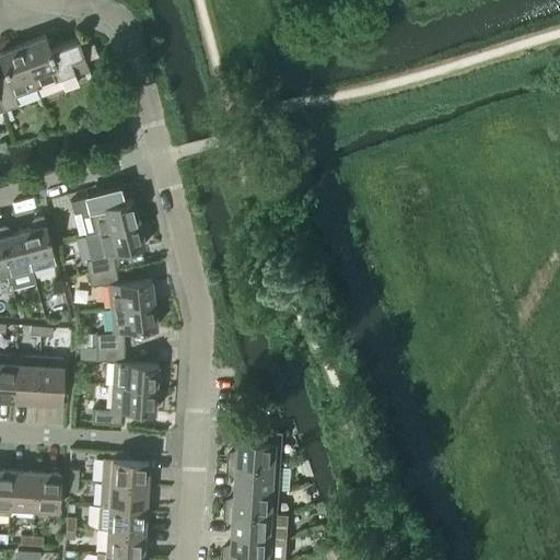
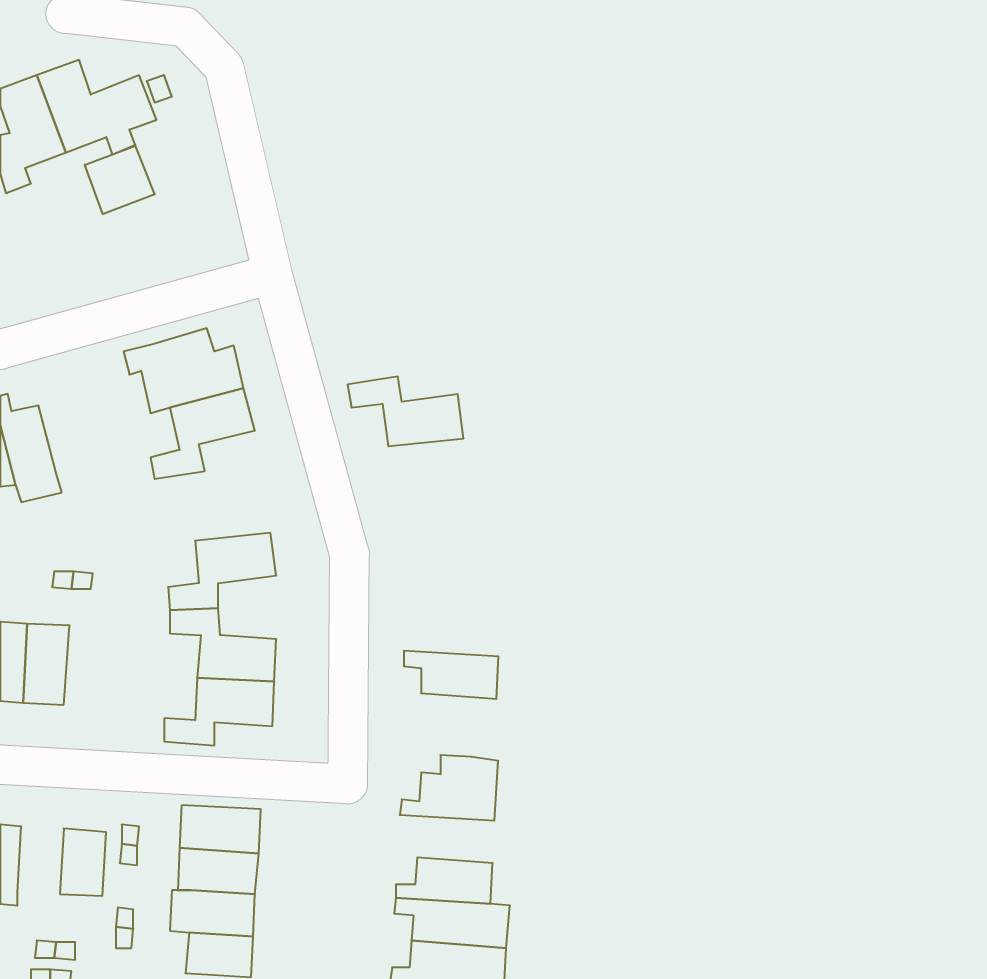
building: none -> [85,146,155,214]
building: [22,218,56,272] -> none
building: [88,271,153,311] -> [348,377,464,446]
building: [36,359,63,406] -> none
building: [226,466,280,493] -> [404,651,498,699]
building: [10,472,36,511] -> none

